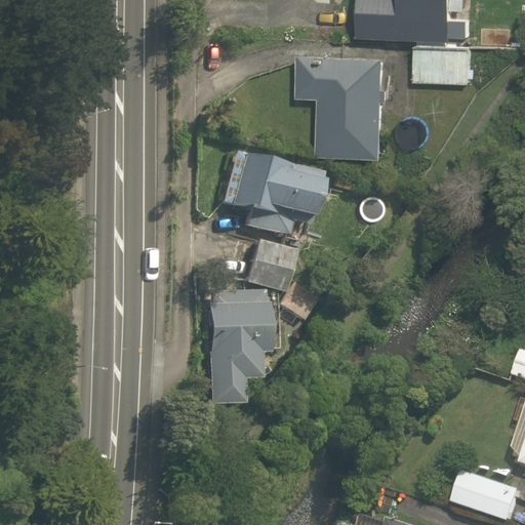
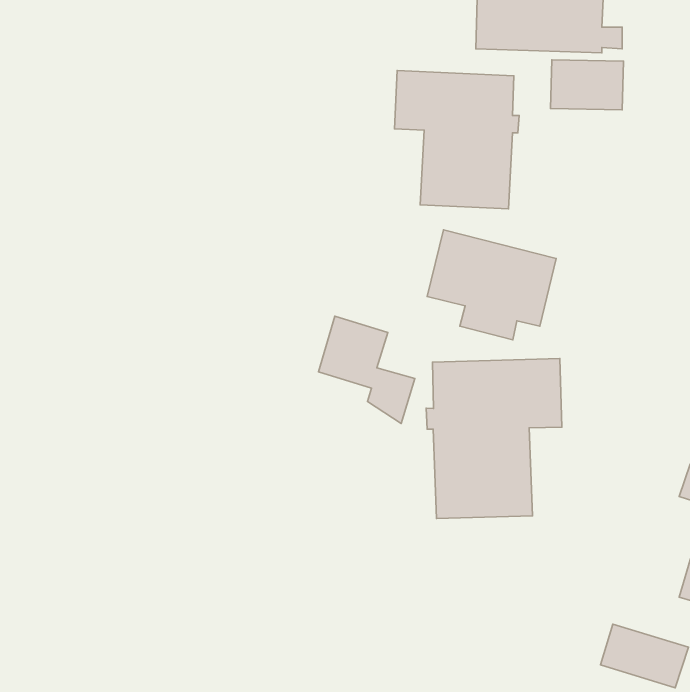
building: [221,153,319,236] -> [427,230,556,340]
building: none -> [426,358,562,519]
building: [204,288,267,405] -> none

